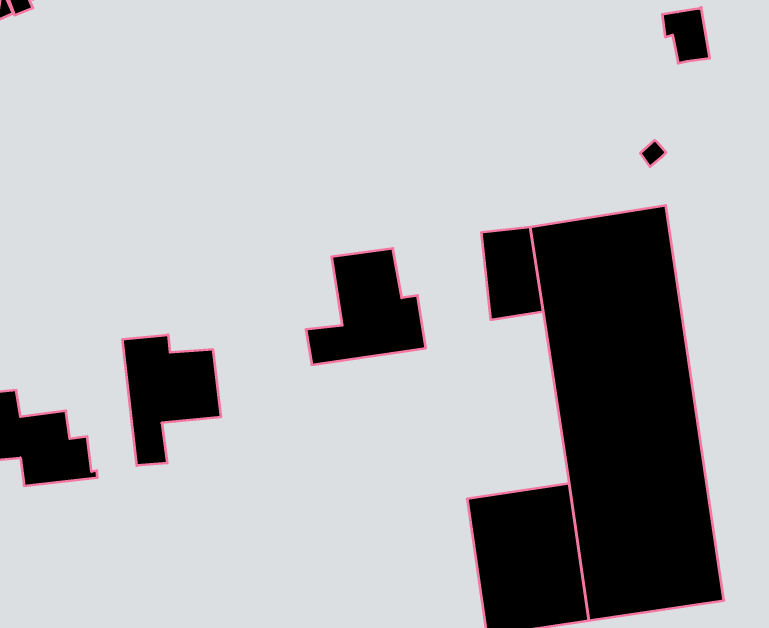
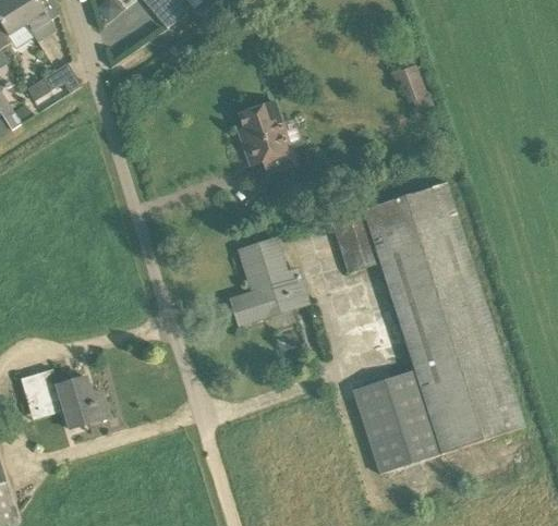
building: [662,7,710,63] -> [392,65,427,103]
building: none -> [239,101,294,172]
building: [123,335,221,466] -> none

